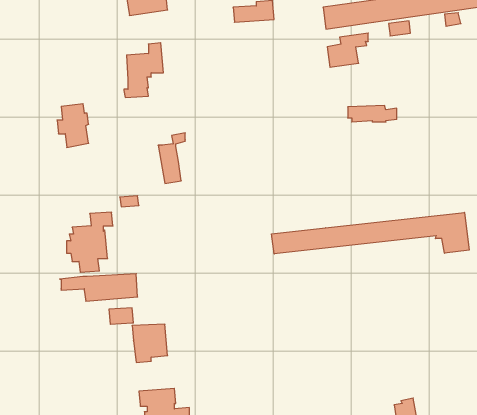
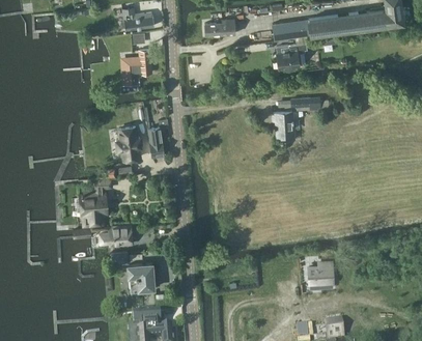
building: [57,104,89,147] -> [116,127,140,161]
building: none -> [272,112,294,141]
building: [272,212,469,254] -> none
building: none -> [309,263,333,285]

